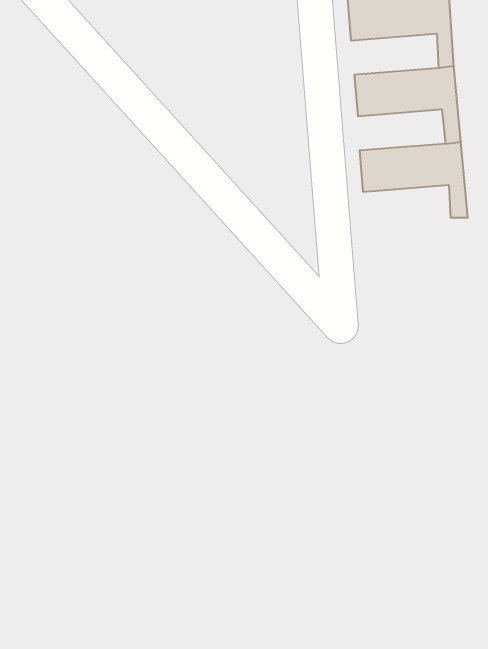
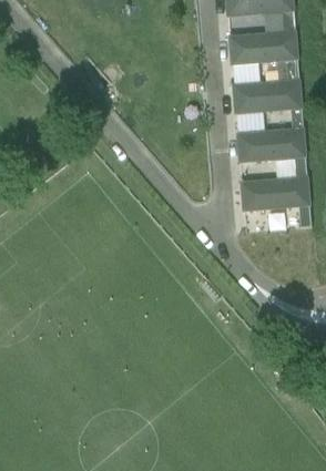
building: none -> [242,178,310,228]

